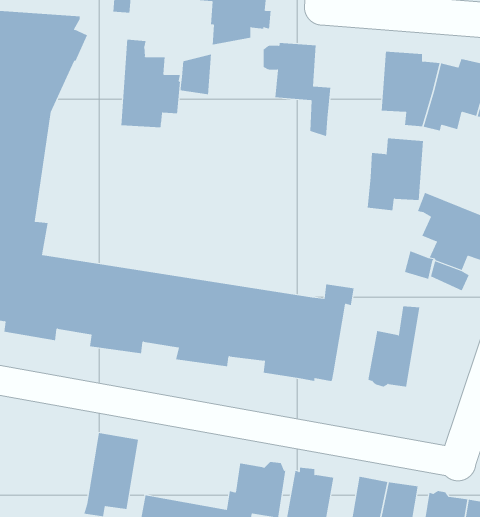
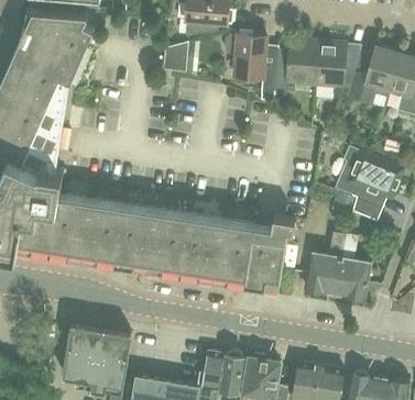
building: [121,39,180,128] -> none
building: [367,138,424,211] -> [275,38,318,93]
building: none -> [335,234,370,301]
building: none -> [62,324,101,382]

